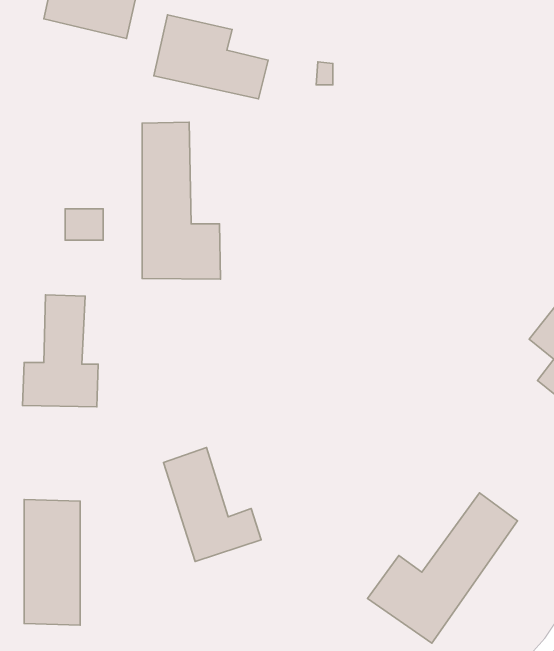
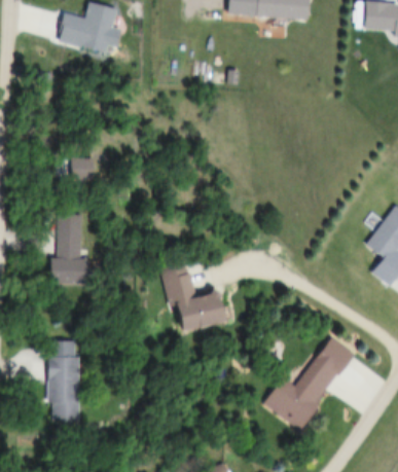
building: [154,15,268,99] -> none
building: [142,122,220,279] -> none
building: [164,447,261,561] -> [158,260,219,331]

